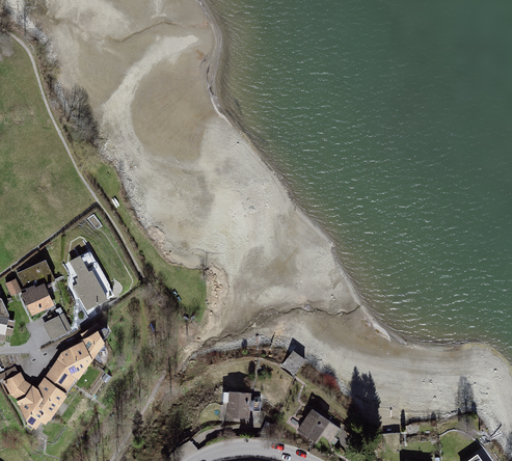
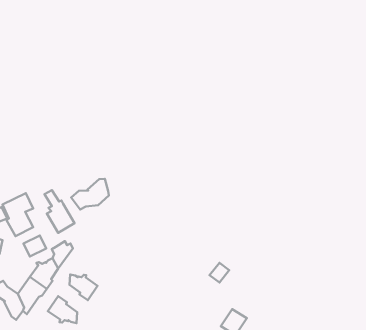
building: none -> [71,179,109,210]
building: none -> [69,275,98,300]
building: none -> [48,296,77,323]
building: [227,394,250,417] -> none

